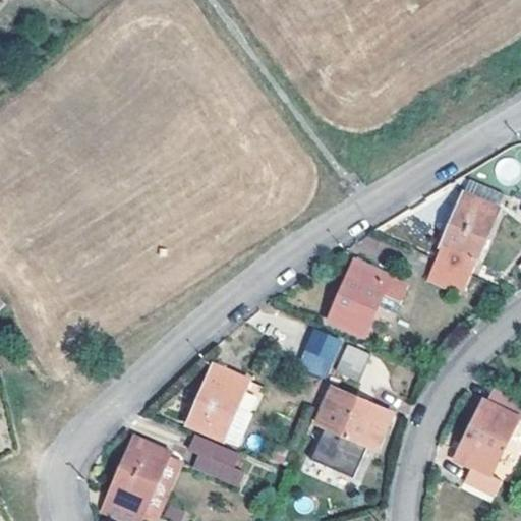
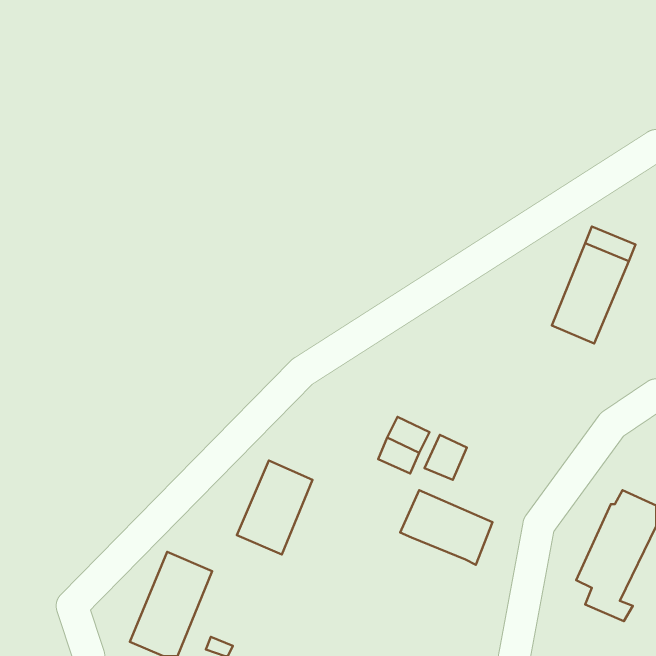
building: [427,257,470,289] -> none
building: [329,260,411,334] -> none
building: [312,425,368,475] -> none
building: [185,436,249,486] -> none

